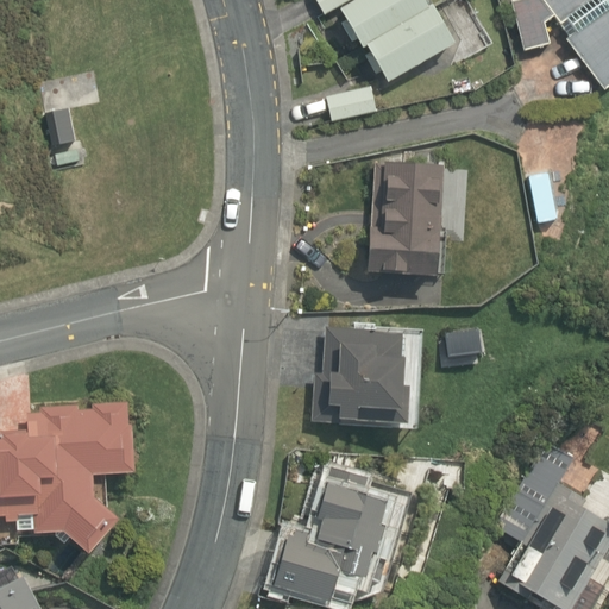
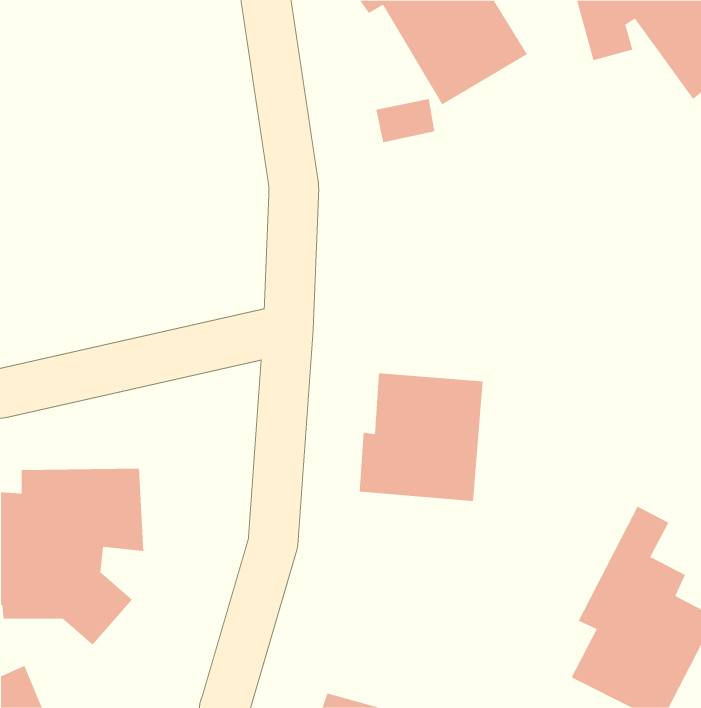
building: [366,158,457,282] -> none
building: [269,467,393,594] -> none

